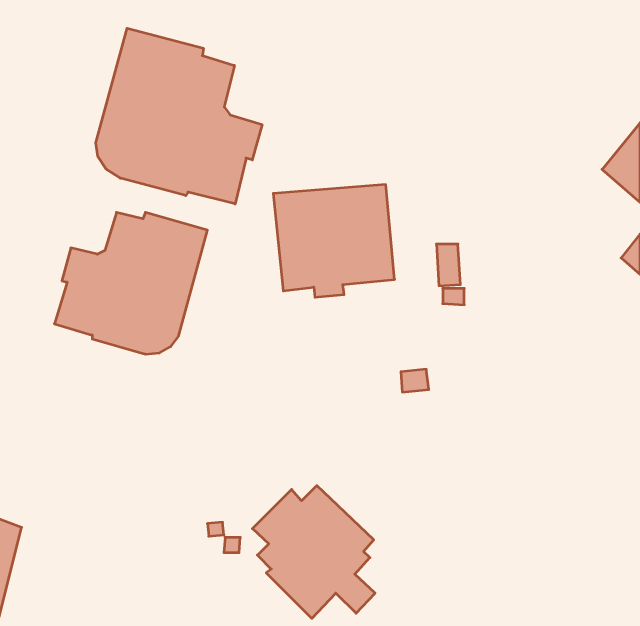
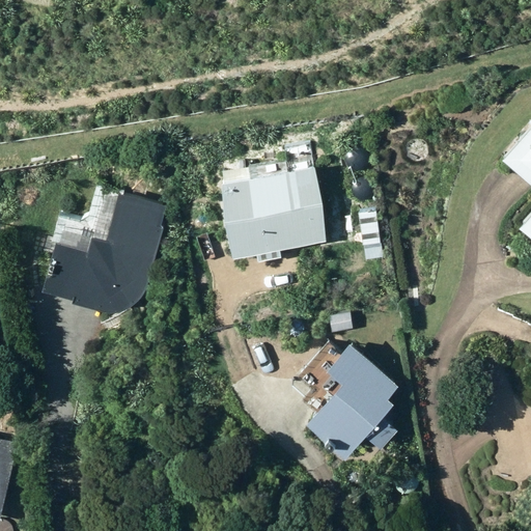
building: [96,28,262,204] -> none
building: [252,486,375,618] -> [299,340,399,449]

